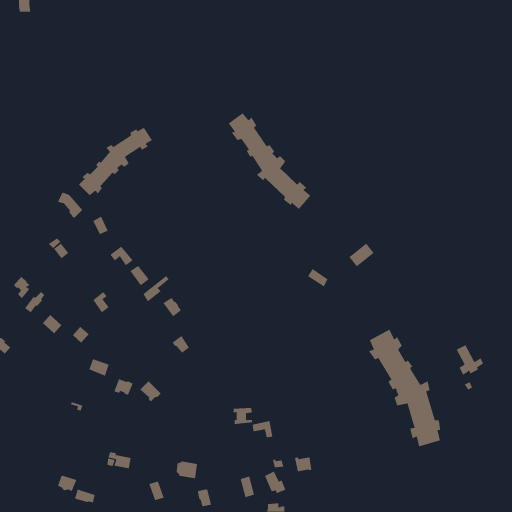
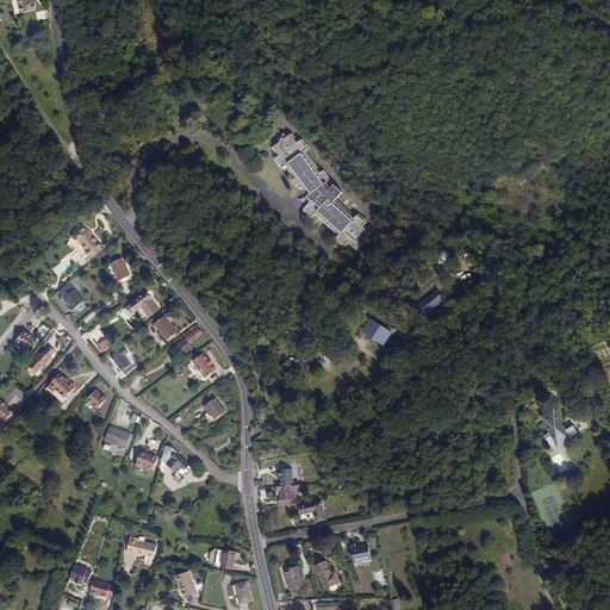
building: [78,127,153,196] -> none
building: [368,329,441,447] -> none

